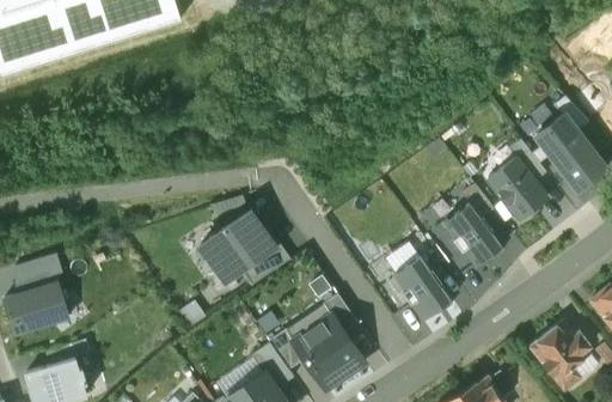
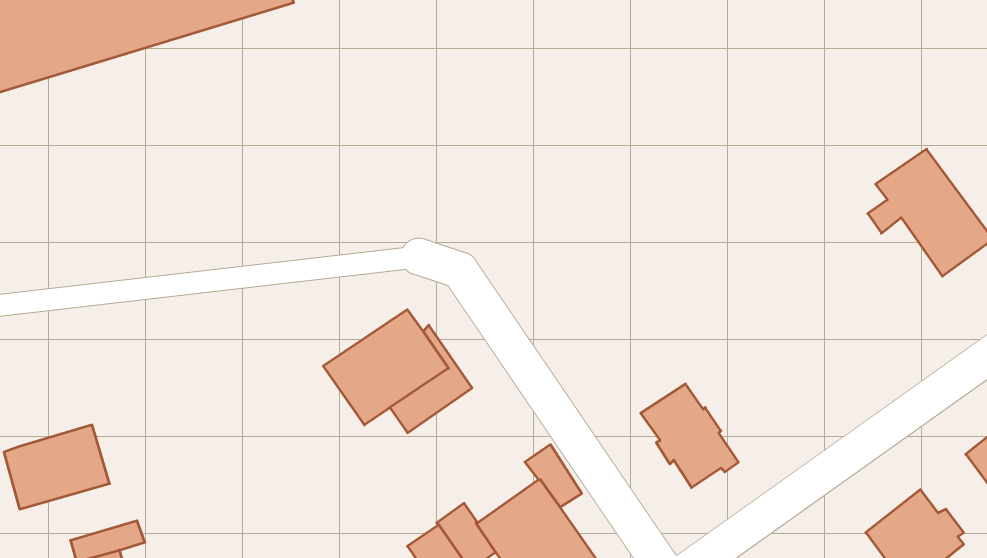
building: [488,154,546,218] -> none
building: [443,202,503,264] -> none
building: [13,251,62,293] -> none

